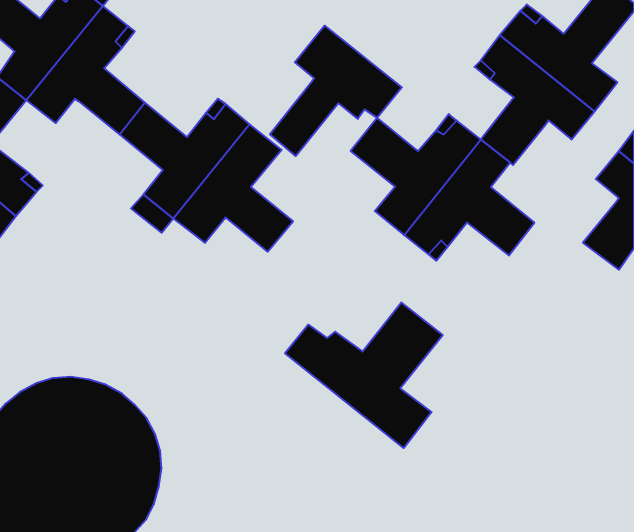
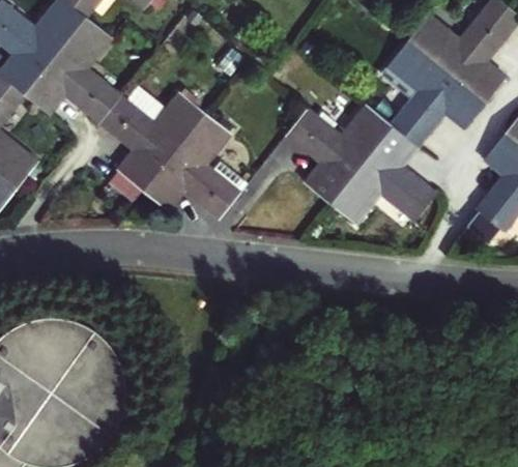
building: [270,26,402,156] -> none
building: [285,302,443,448] -> none

